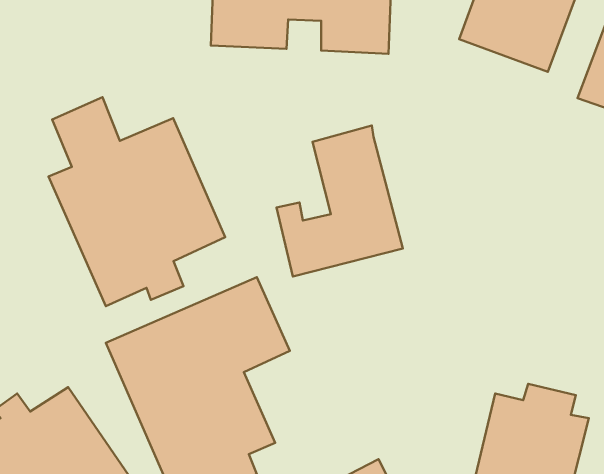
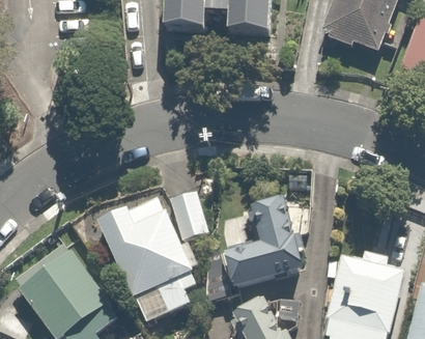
building: [48,97,225,306] -> none
building: [276,125,403,276] -> [228,190,308,285]

